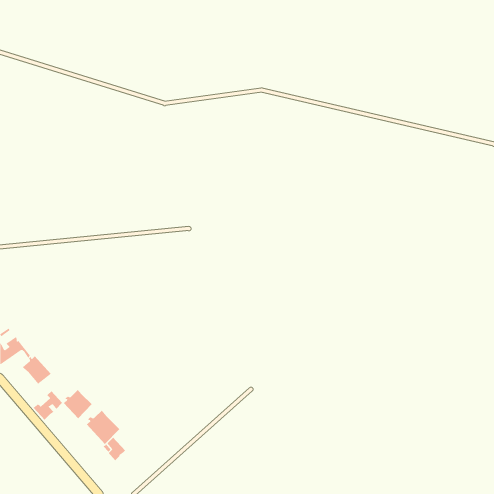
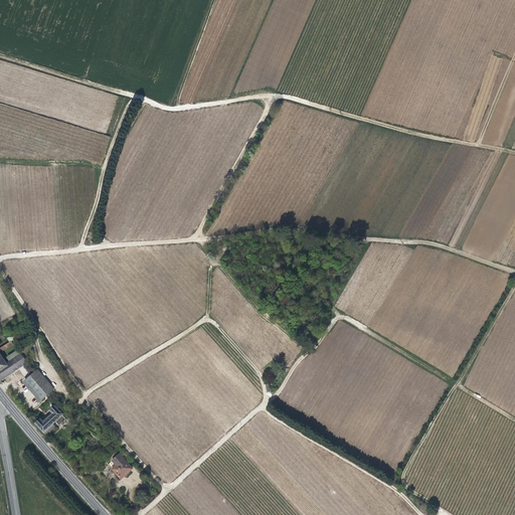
building: [63,389,92,419] -> none
building: [86,410,120,445] -> none

